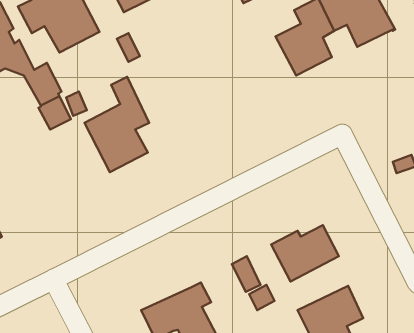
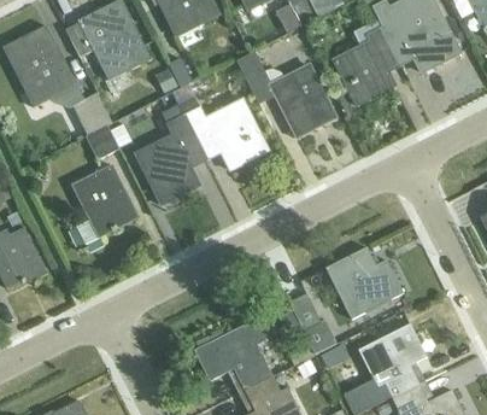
building: none -> [236,52,335,136]
building: none -> [180,97,269,169]
building: none -> [75,165,137,242]

